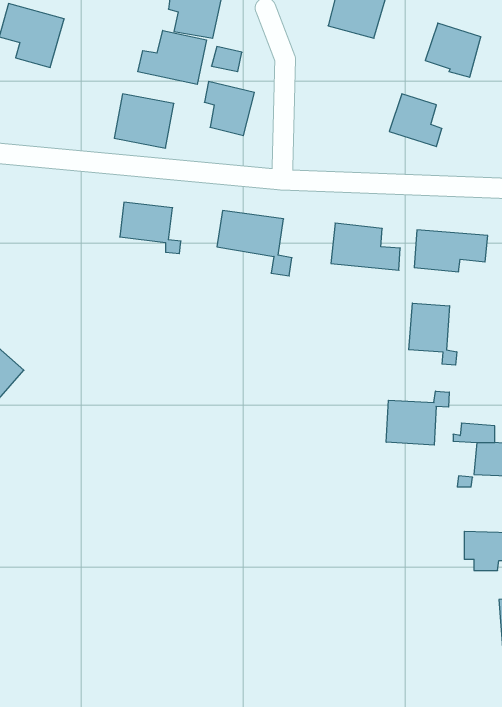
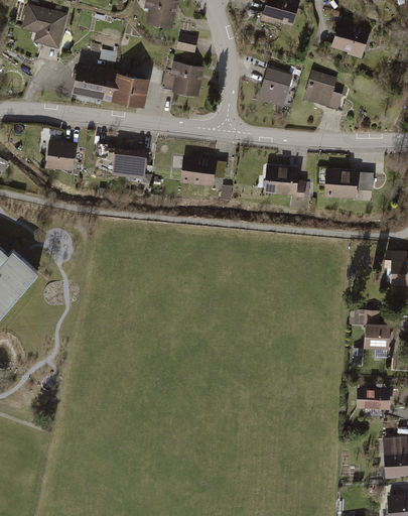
building: [138,30,206,84] -> none
building: none -> [71,63,110,102]
building: none -> [257,69,292,108]
building: none -> [44,141,76,172]
building: [409,303,457,365] -> none
building: [386,391,449,445] -> none

